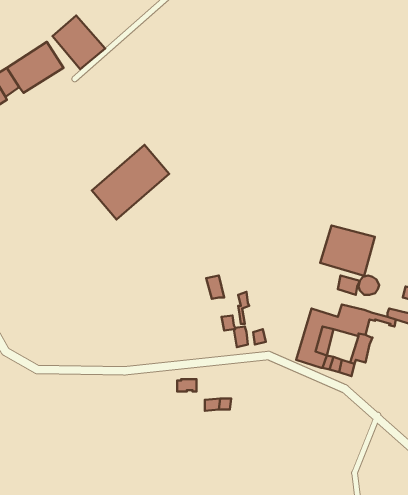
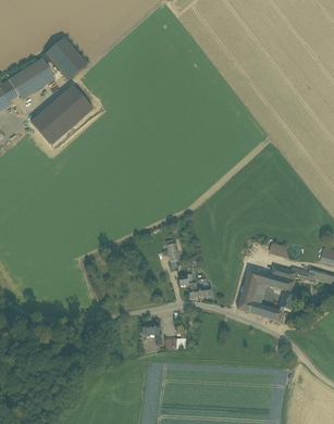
building: [92,145,169,219] -> [32,85,92,144]
building: [320,225,375,276] -> none

